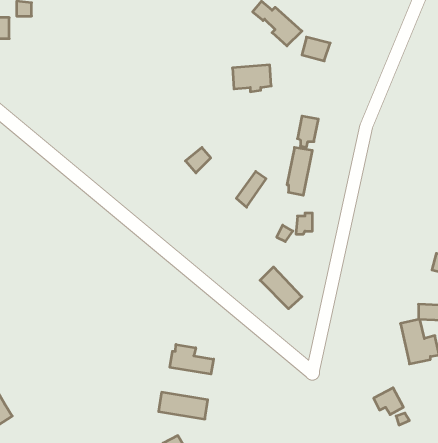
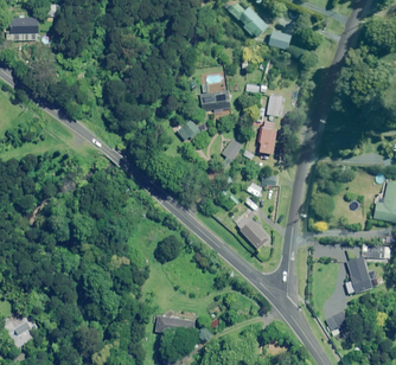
building: [232,65,271,92] -> [199,90,230,111]
building: [170,344,214,374] -> none

